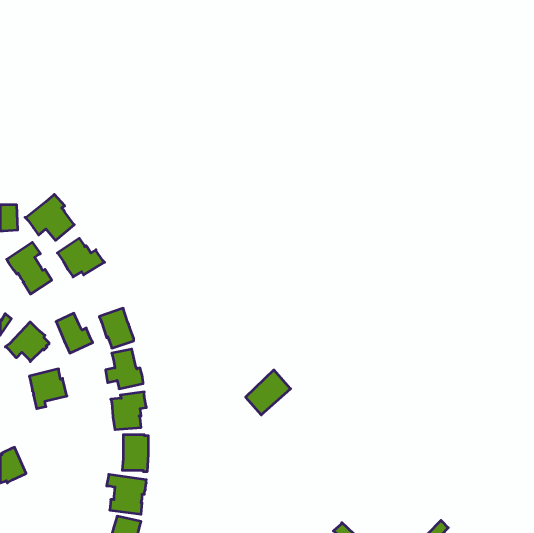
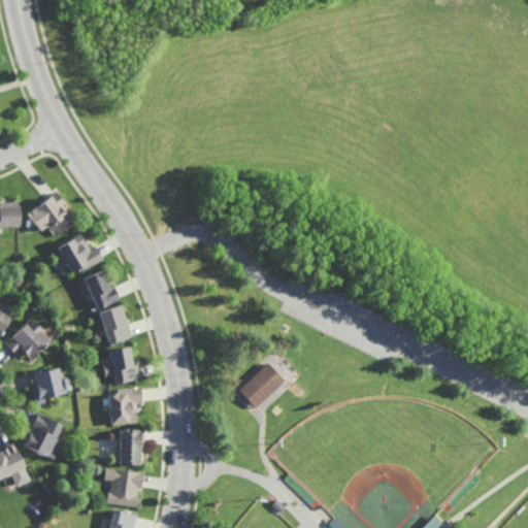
building: [7,242,52,294] -> none
building: [56,313,93,353] -> [84,272,120,311]
building: none -> [25,414,63,459]

